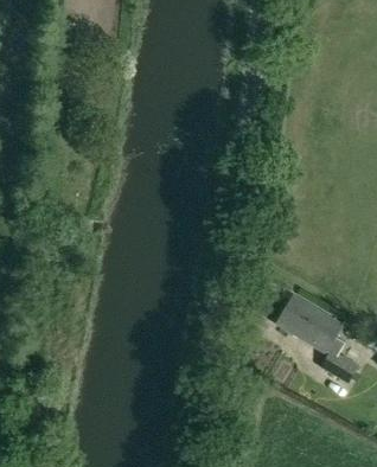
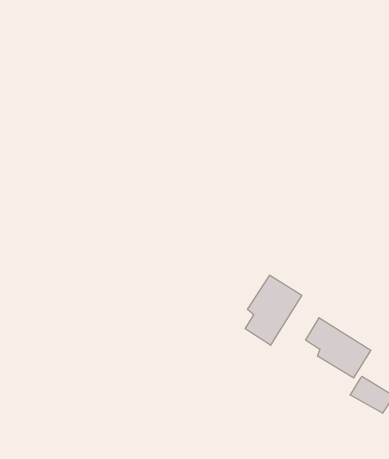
building: none -> [245,275,302,345]

